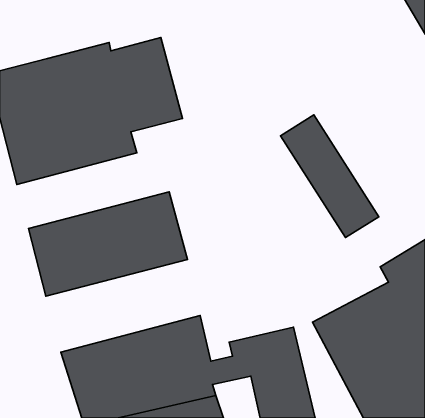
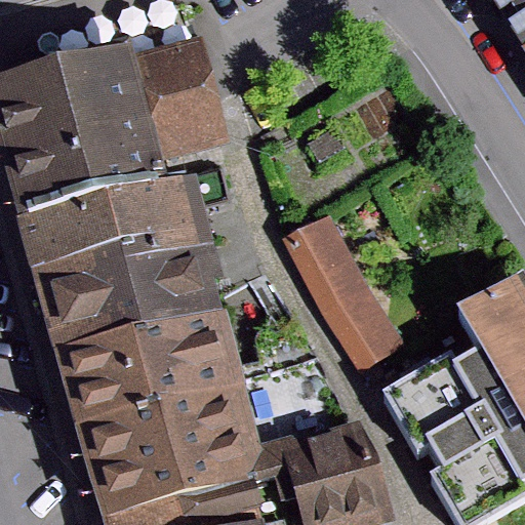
building: [280,115,379,238] -> [289,219,410,370]
building: none -> [21,181,208,281]
building: none -> [56,319,246,433]

